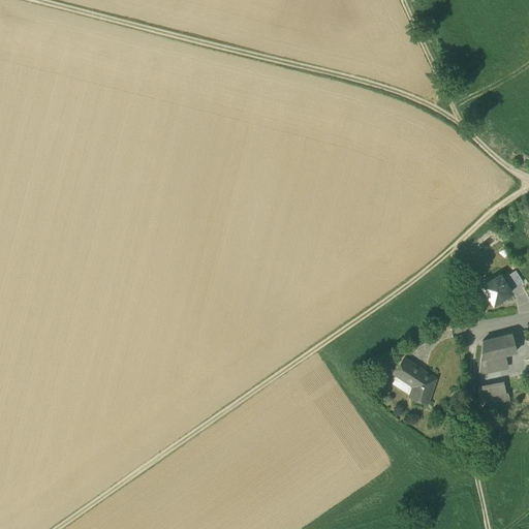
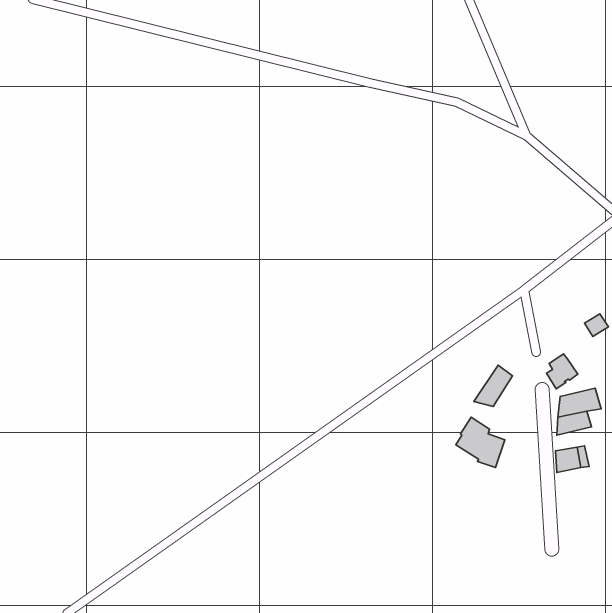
building: [487,274,514,304] -> [547,354,578,389]
building: none -> [474,365,512,407]

